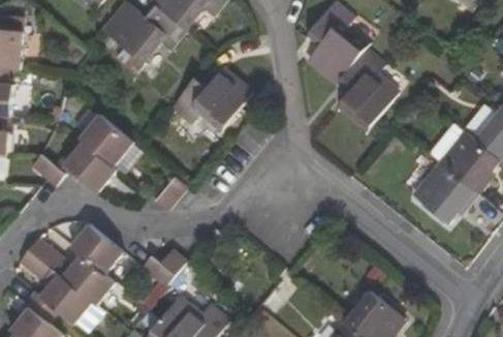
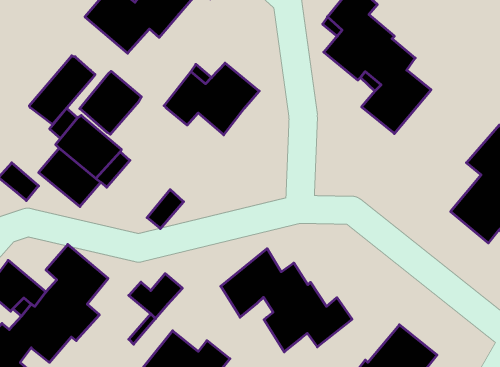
building: none -> [29,56,95,124]
building: none -> [80,71,141,134]
building: none -> [221,249,352,352]

